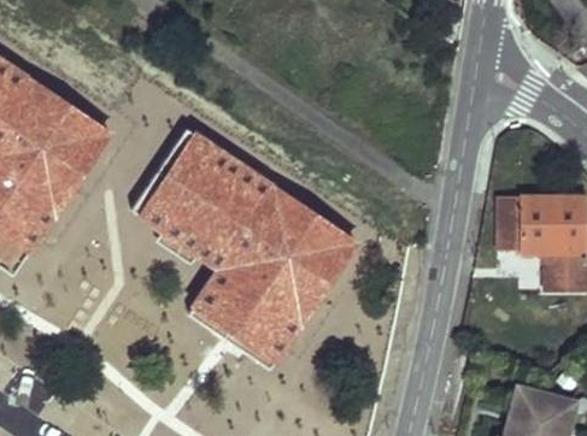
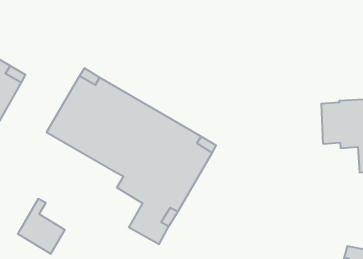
building: [188,269,251,342] -> [18,199,65,254]

